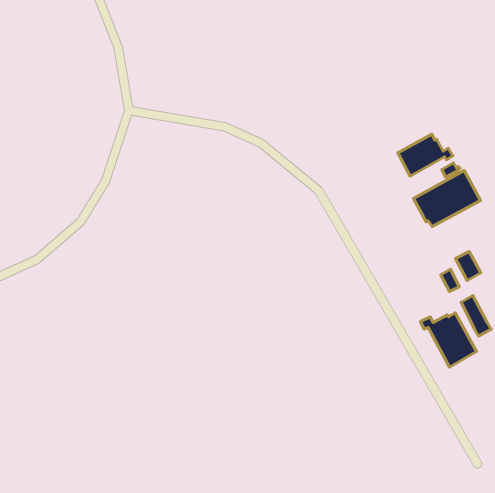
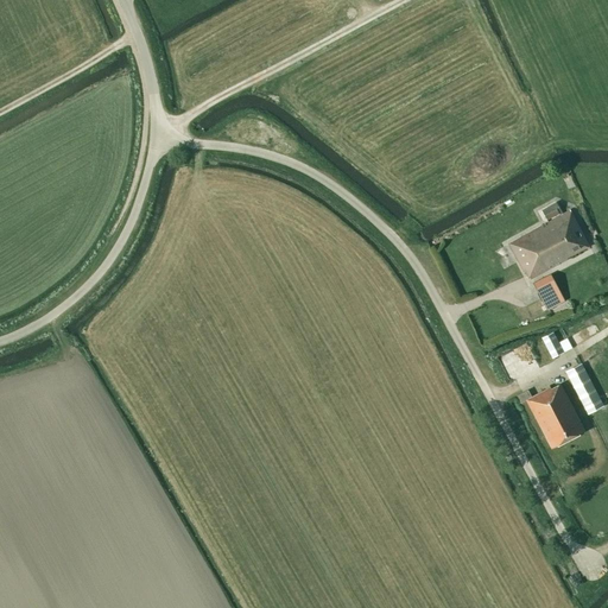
building: [398,134,453,176] -> none
building: [455,252,481,281] -> [533,272,564,308]

